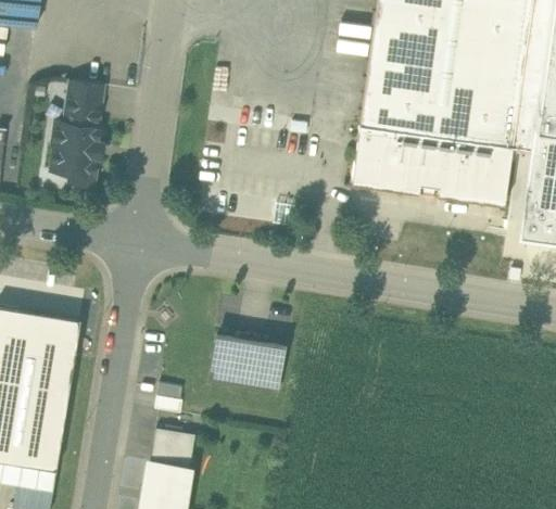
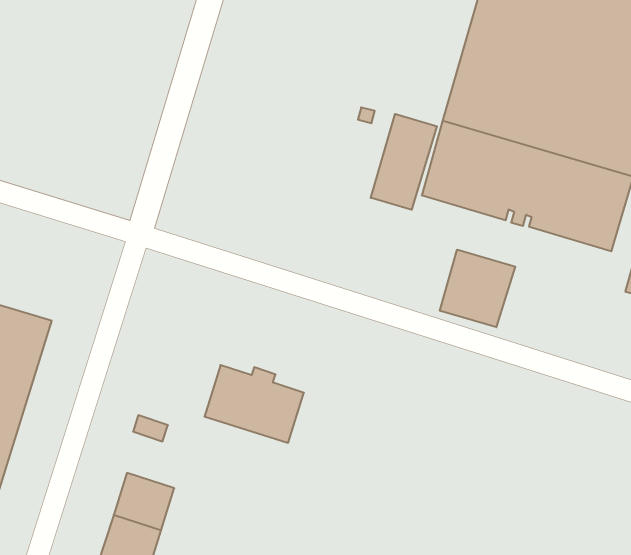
building: [51,81,103,186] -> none
building: none -> [371,114,437,210]
building: none -> [440,250,515,327]

